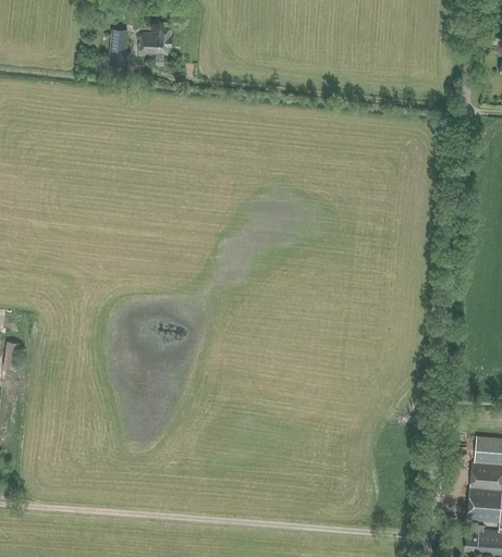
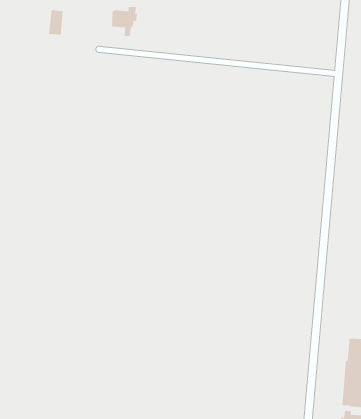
building: [139,27,172,64] -> [111,6,138,37]

